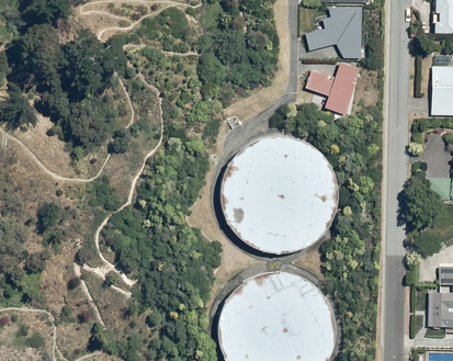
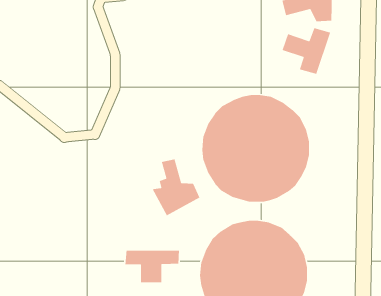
building: none -> [151,159,201,216]
building: none -> [125,250,180,283]

